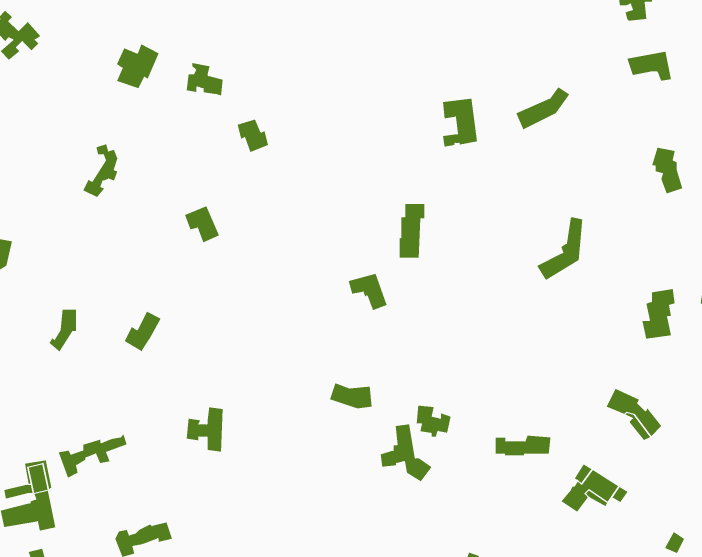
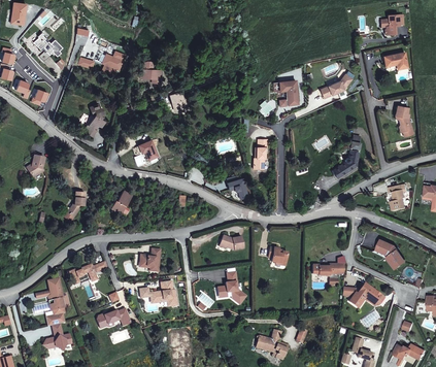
building: [380,424,432,482] -> [217,272,246,304]
building: none -> [143,281,180,305]

